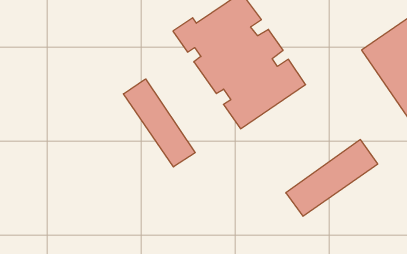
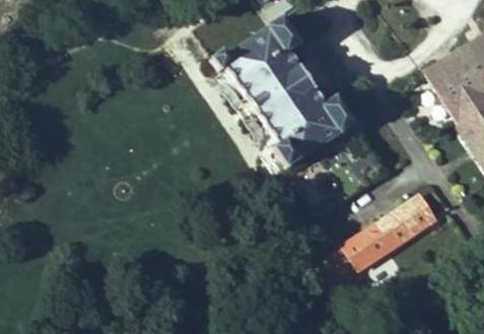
building: [123,79,195,167] -> none

